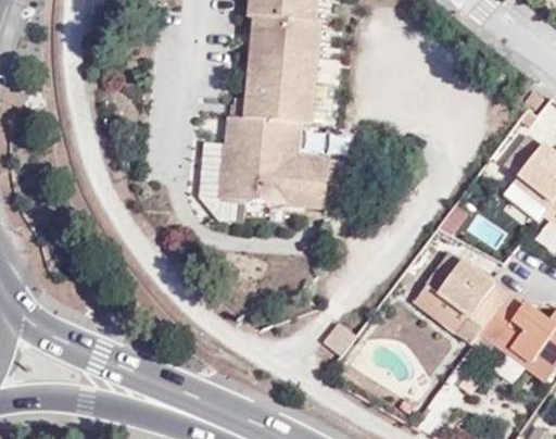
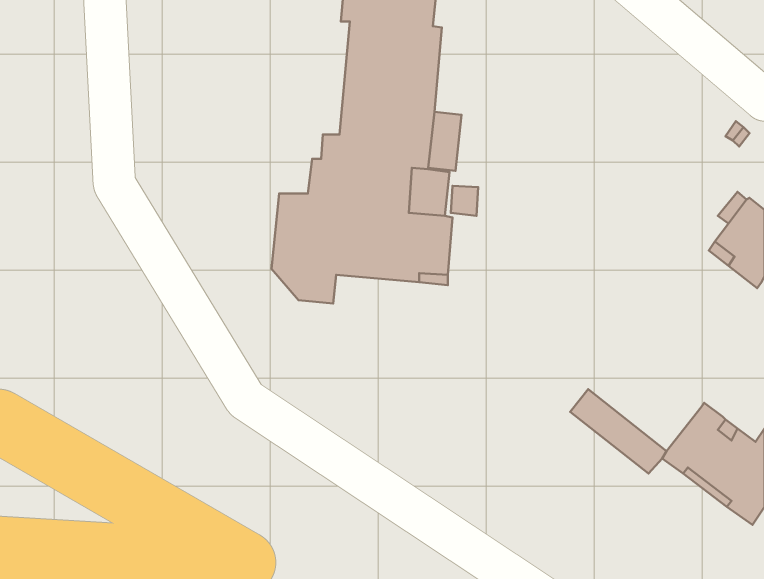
building: [427,251,508,327] -> none

